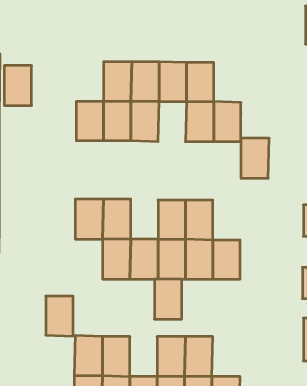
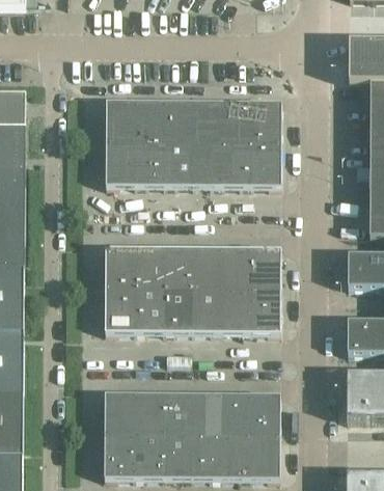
building: none -> [252,102,281,144]
building: [4,66,32,105] -> [106,101,135,143]
building: none -> [193,143,223,186]
building: [241,138,269,178] -> [251,248,281,291]
building: none -> [164,247,193,290]
building: [154,279,182,319] -> [163,393,192,436]
building: [46,296,73,336] -> [105,290,134,332]
building: none -> [250,393,280,436]

